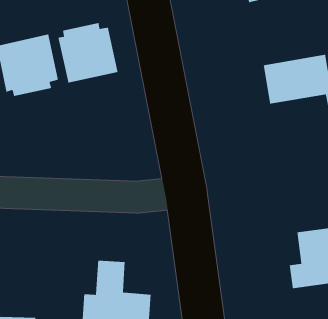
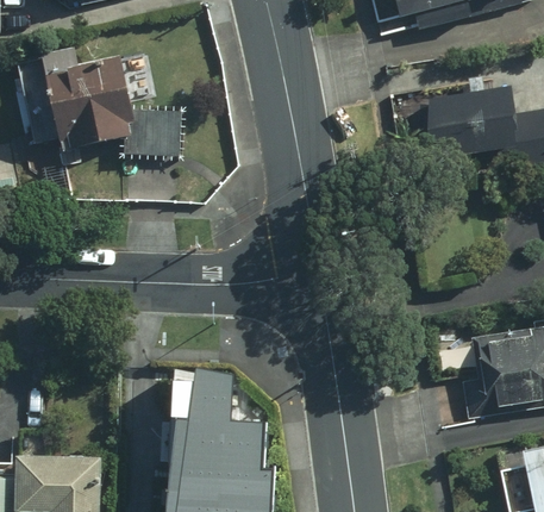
building: [57,22,118,83] -> none

